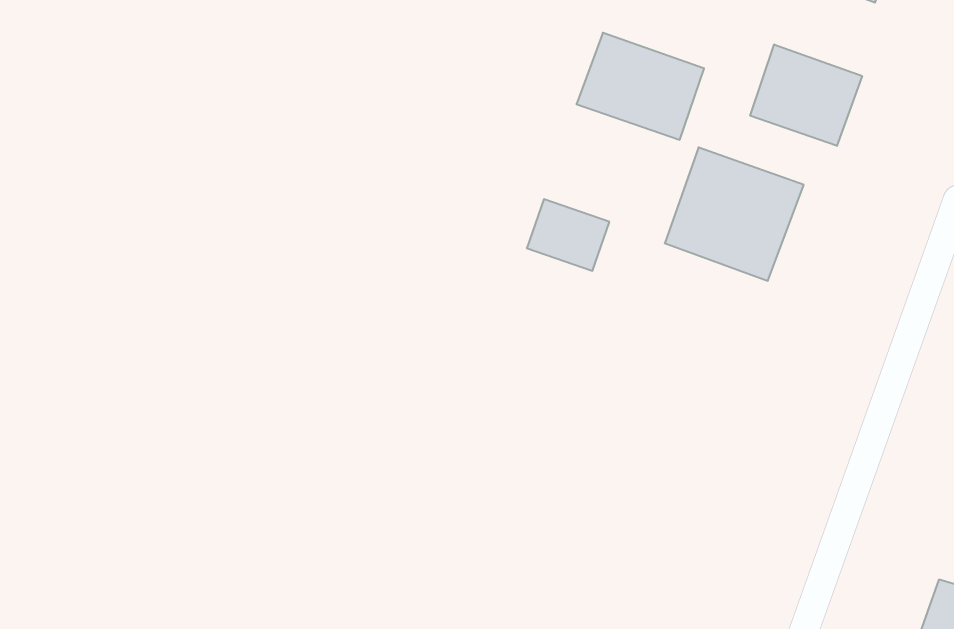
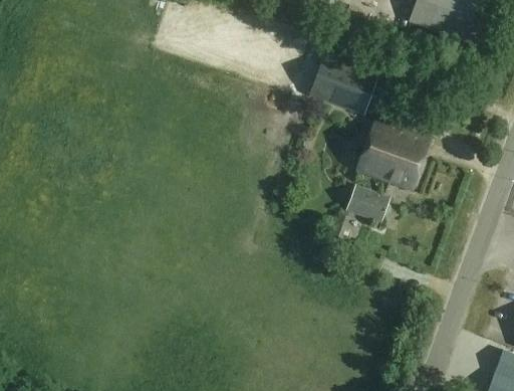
building: [750,44,862,146] -> none
building: [527,199,609,271] -> [346,184,391,222]

